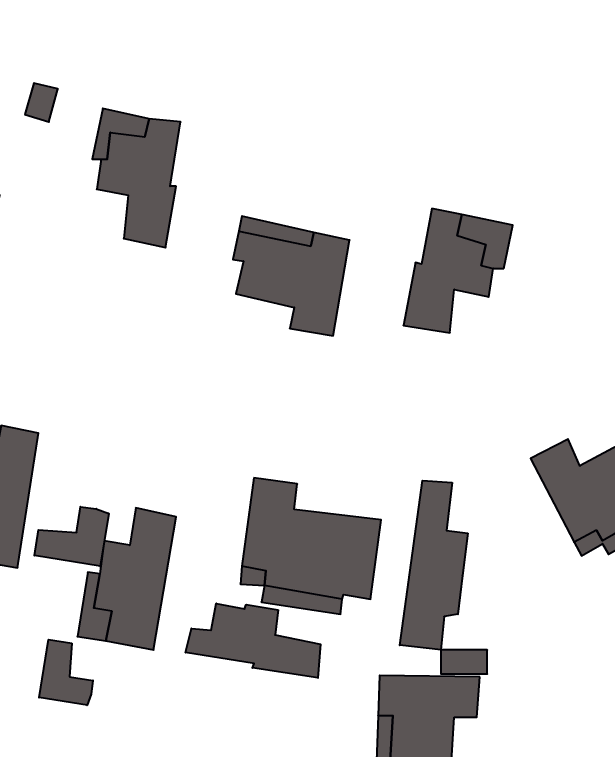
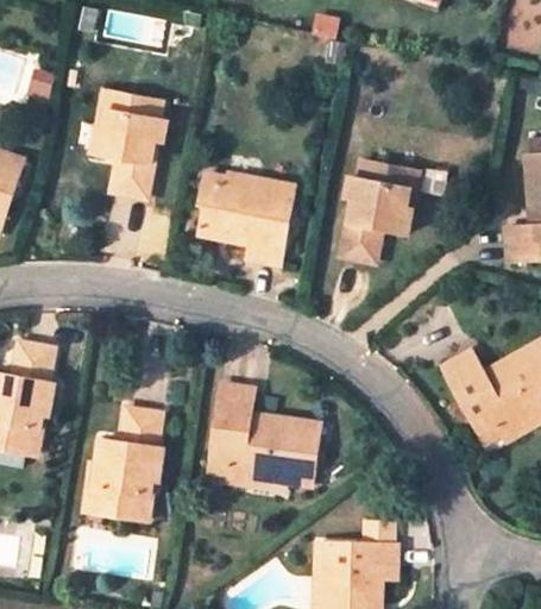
building: [400,481,468,650] -> none
building: [34,507,109,566] -> none
building: [186,603,321,678] -> none
building: [39,640,93,705] -> none

